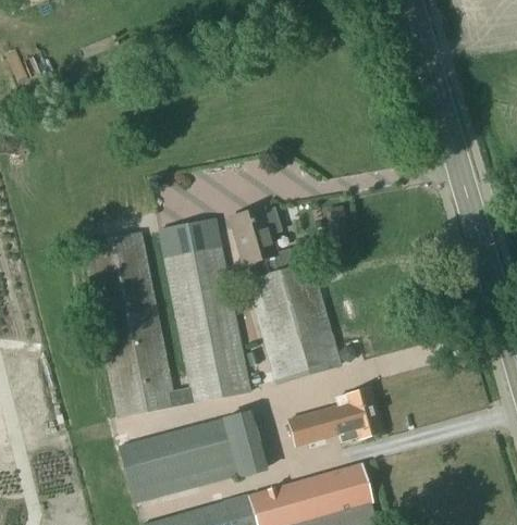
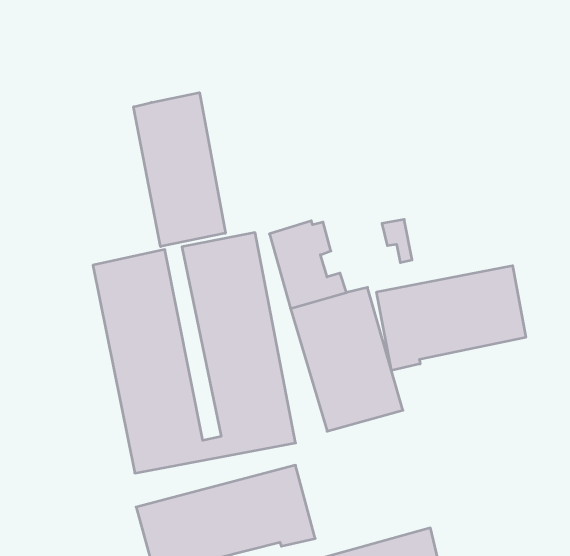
building: none -> [134,93,225,247]
building: none -> [377,266,526,371]
building: [288,388,384,447] -> none

